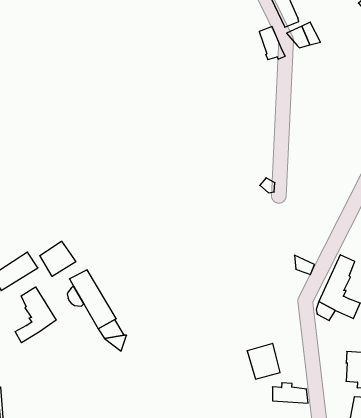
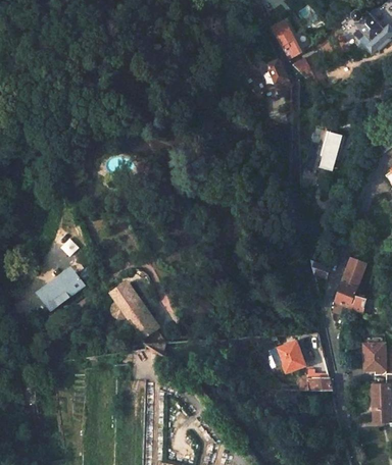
building: none -> [320,130,345,159]
building: [40,241,76,276] -> none
building: [15,287,56,343] -> none

